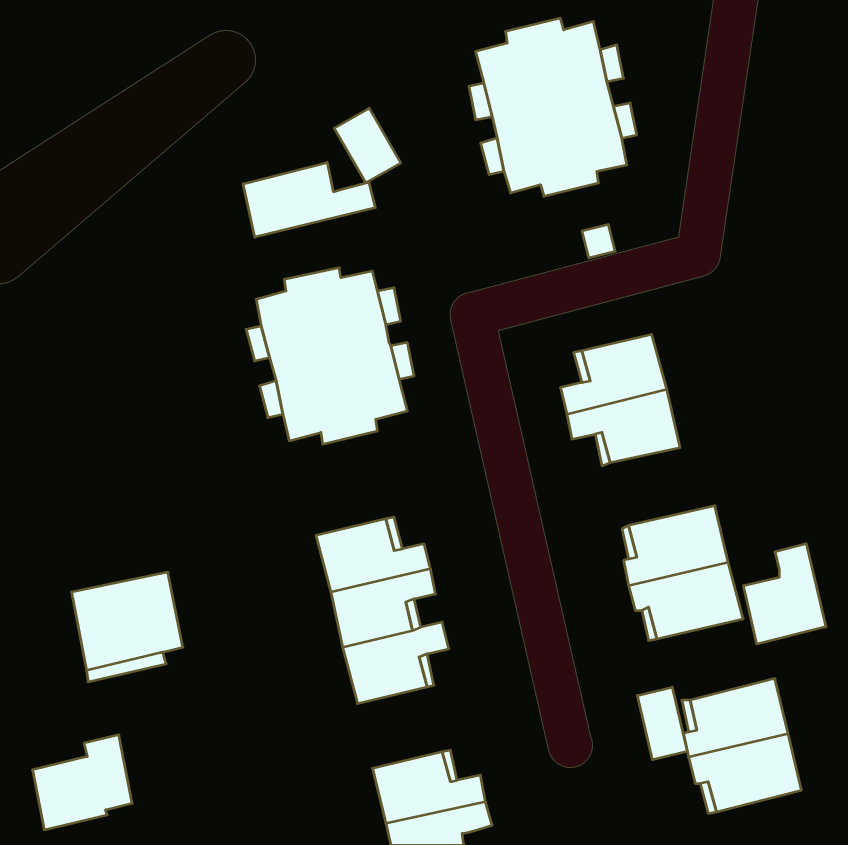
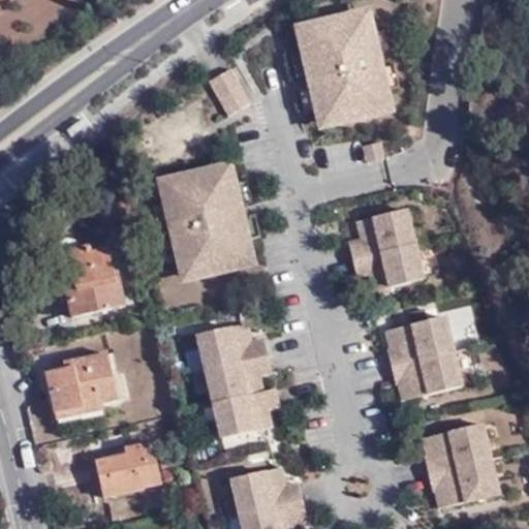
building: [243,162,375,237] -> none
building: none -> [68,247,125,318]
building: [744,544,826,644] -> none
building: [637,687,687,760] -> none
building: [32,735,132,830] -> [101,440,163,499]

